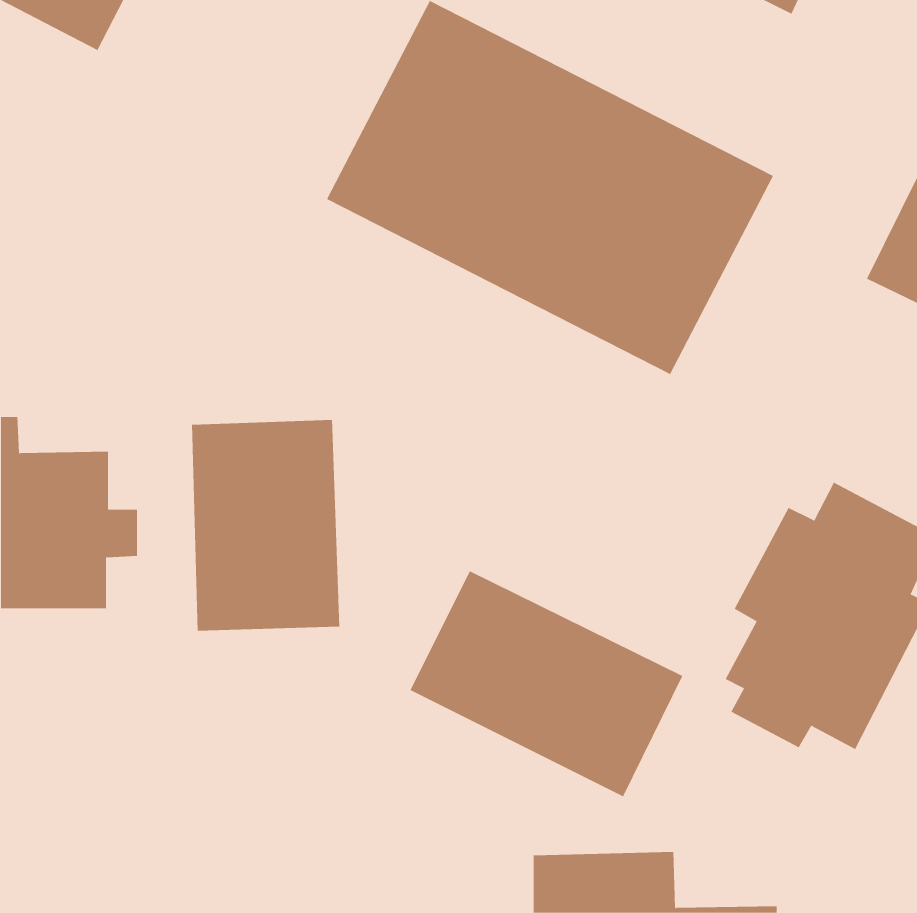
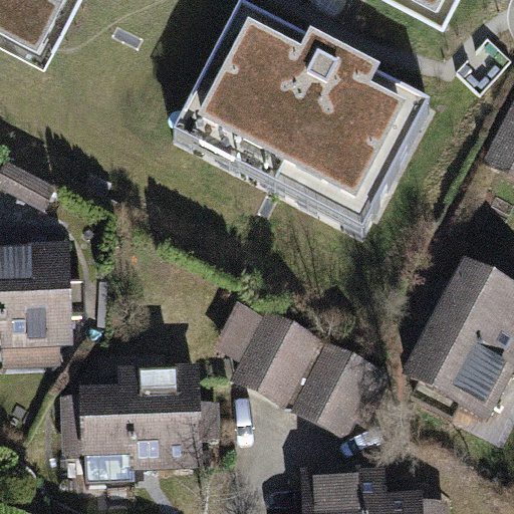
building: [192,419,340,632] -> none
building: none -> [68,370,197,463]

